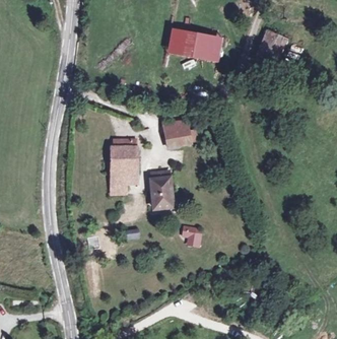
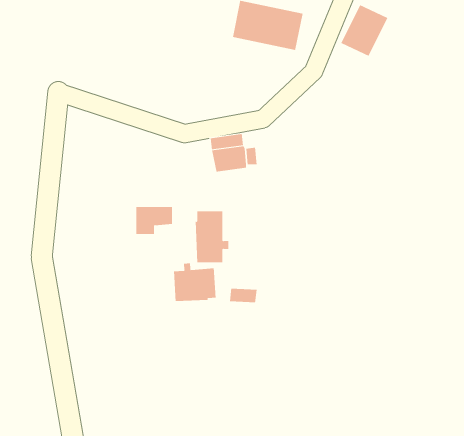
building: [110,139,136,170] -> none
building: none -> [173,263,216,302]

